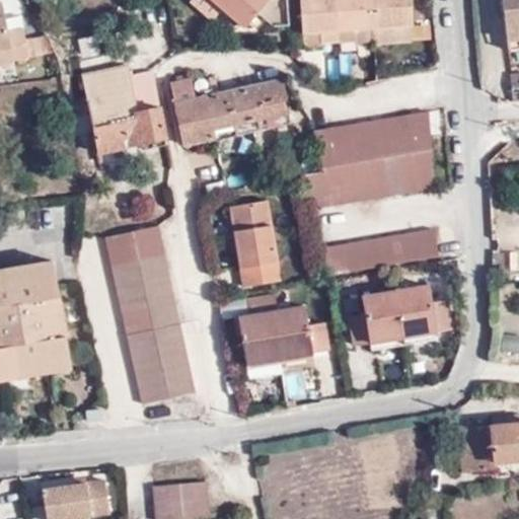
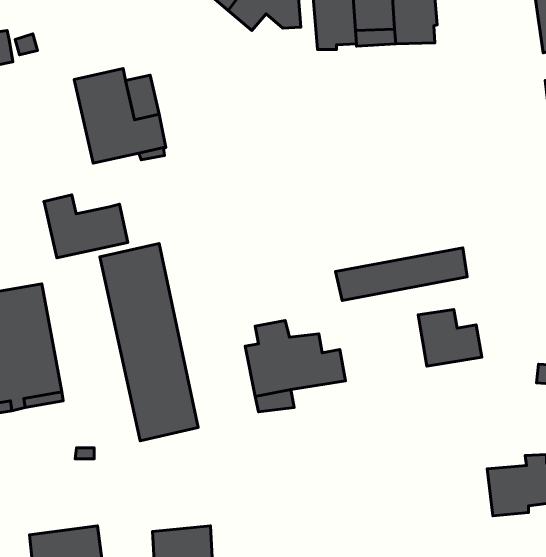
building: [171,77,289,142] -> none
building: [303,110,433,210] -> none
building: none -> [44,195,128,258]
building: [231,200,278,287] -> none
building: [350,289,402,345] -> none

